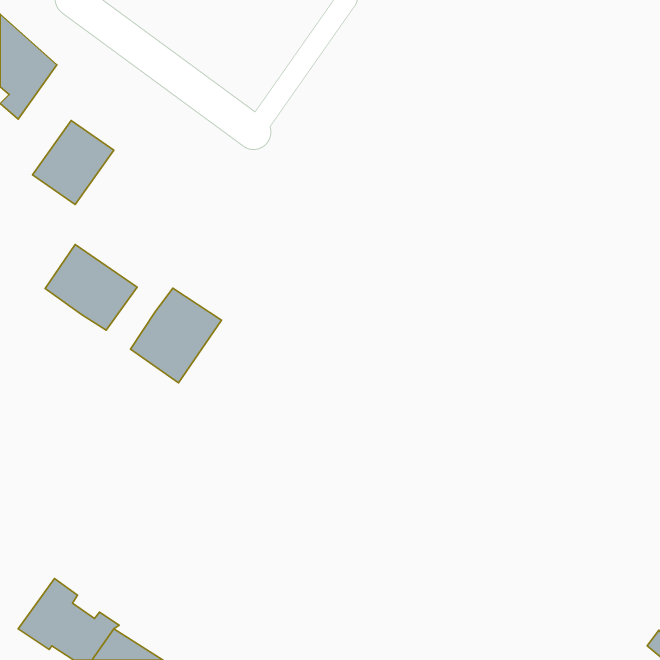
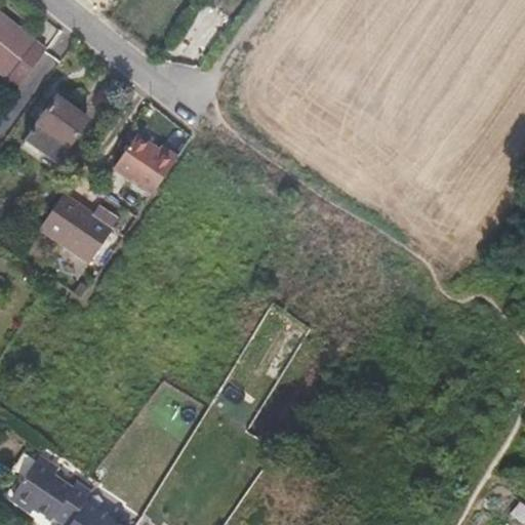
building: none -> [108,134,172,195]
building: [130,288,222,383] -> none

